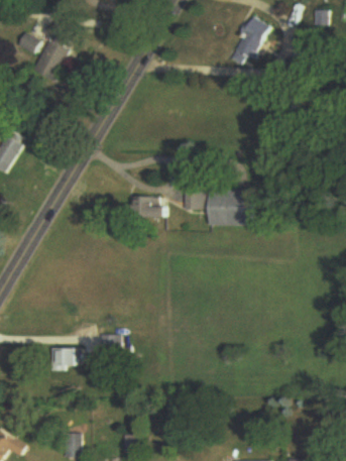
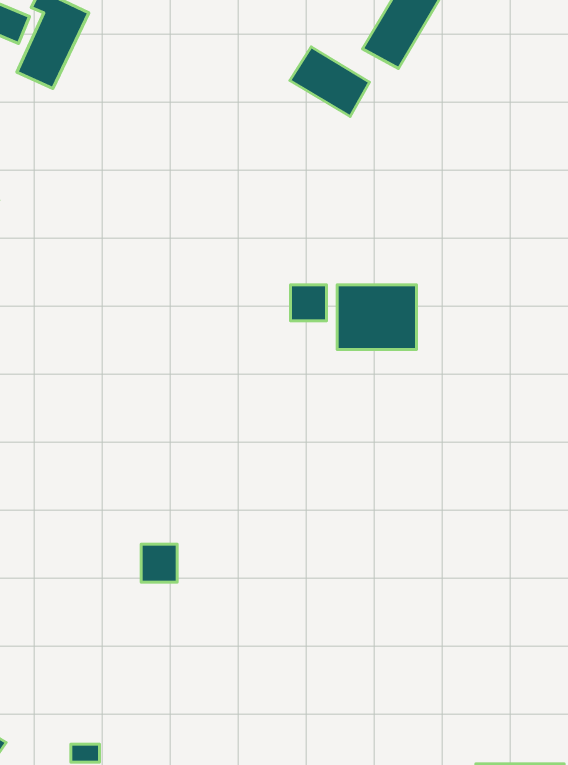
building: none -> [290,47,370,117]
building: [132,197,167,219] -> none
building: [52,348,79,366] -> none

